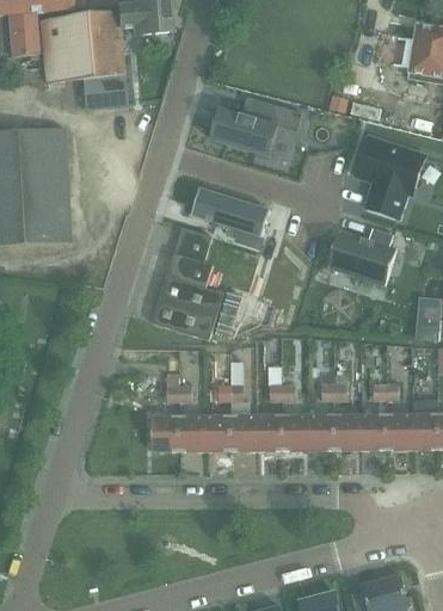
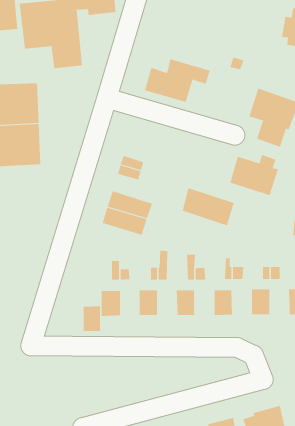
building: [202,186,275,240] -> [182,187,234,226]
building: [167,254,213,289] -> none
building: [333,413,359,449] -> none
building: [386,413,412,449] -> none
building: [179,414,204,450] -> [83,306,101,332]
building: [230,414,257,450] -> none
building: [282,414,308,450] -> none

